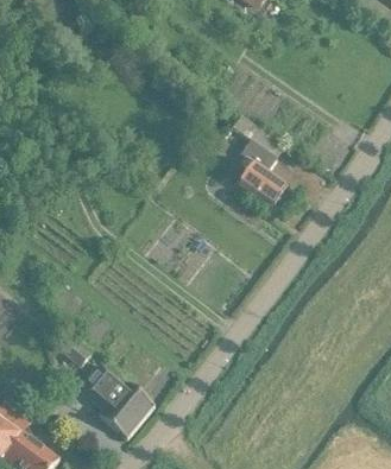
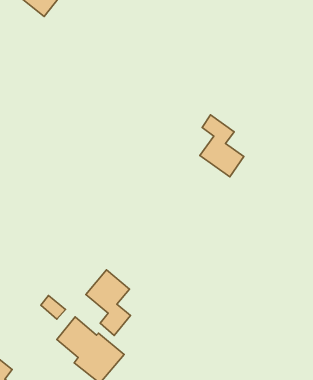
building: none -> [86,270,130,335]

